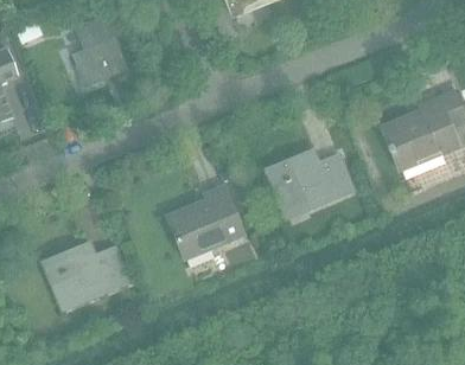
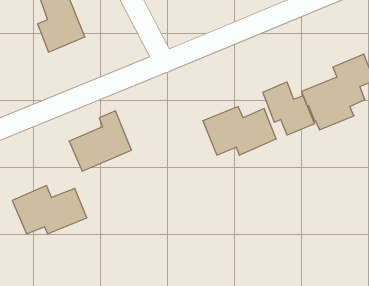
building: none -> [263,82,314,135]
building: [170,186,243,257] -> [69,111,132,171]

